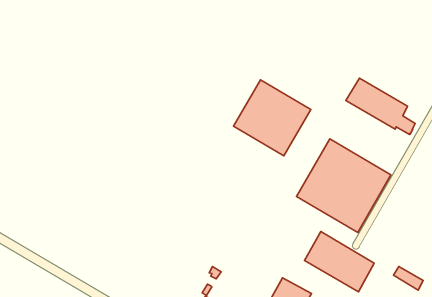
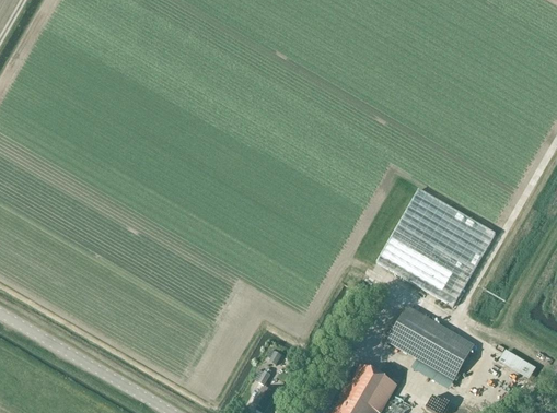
building: [346,78,415,134] -> none
building: [234,80,311,156] -> none

